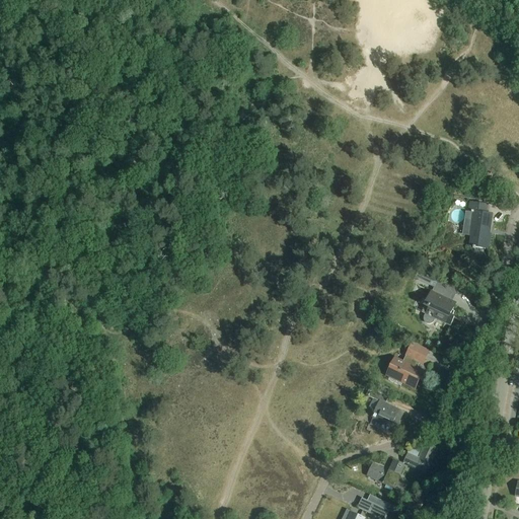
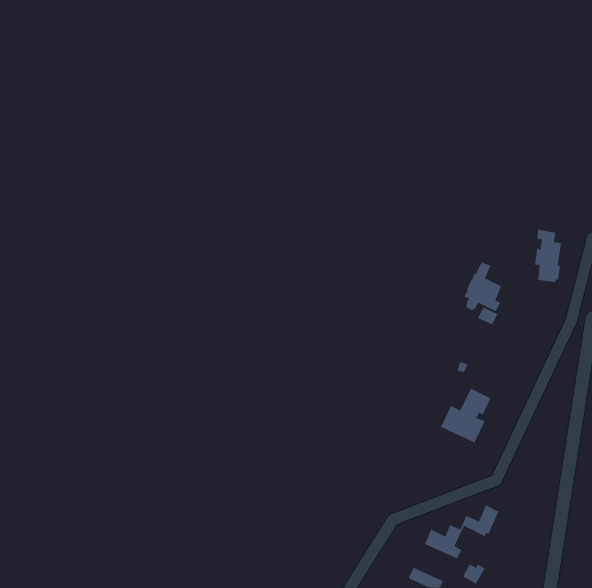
building: [422,280,455,323] -> [464,262,502,312]
building: [368,388,403,432] -> none

